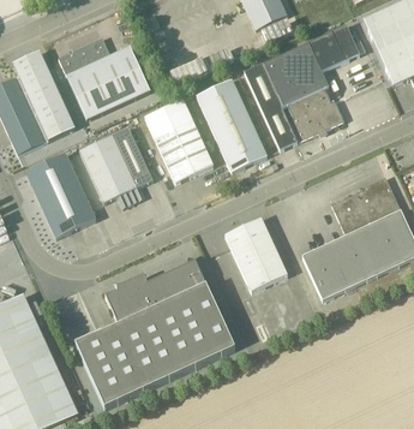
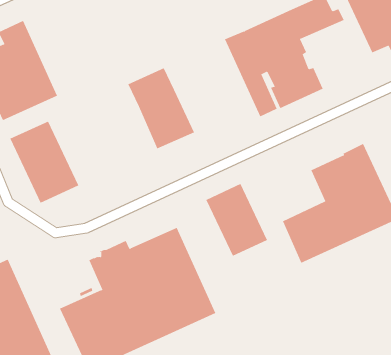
building: [56,36,149,119] -> none
building: [196,78,266,171] -> none
building: [78,126,151,207] -> none

